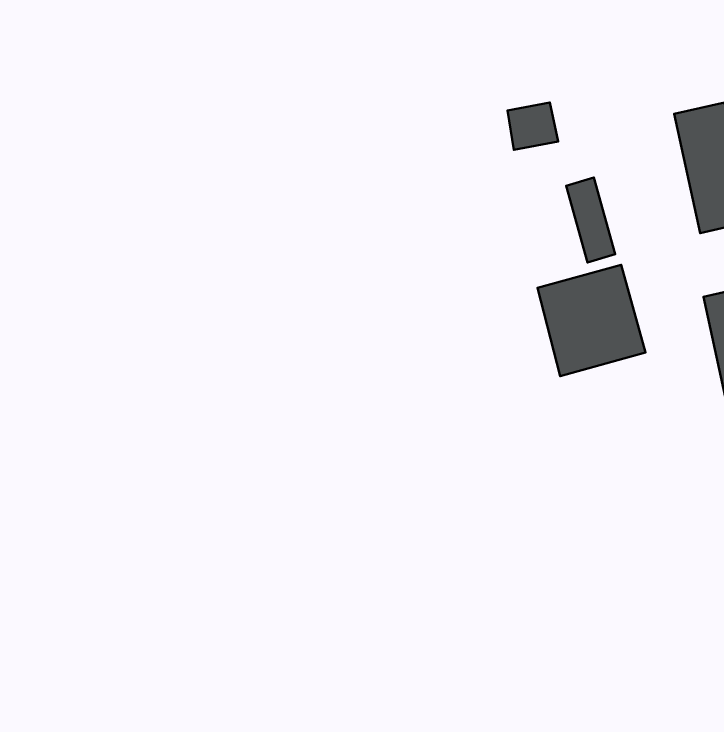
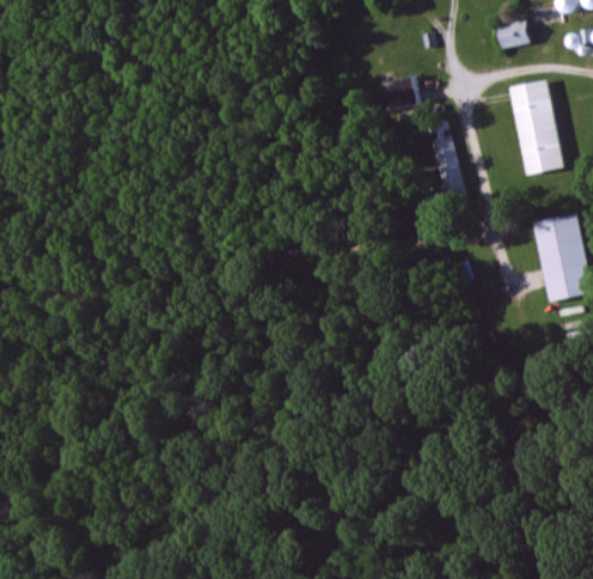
building: none -> [496,18,530,47]
building: [537,265,646,376] -> none

